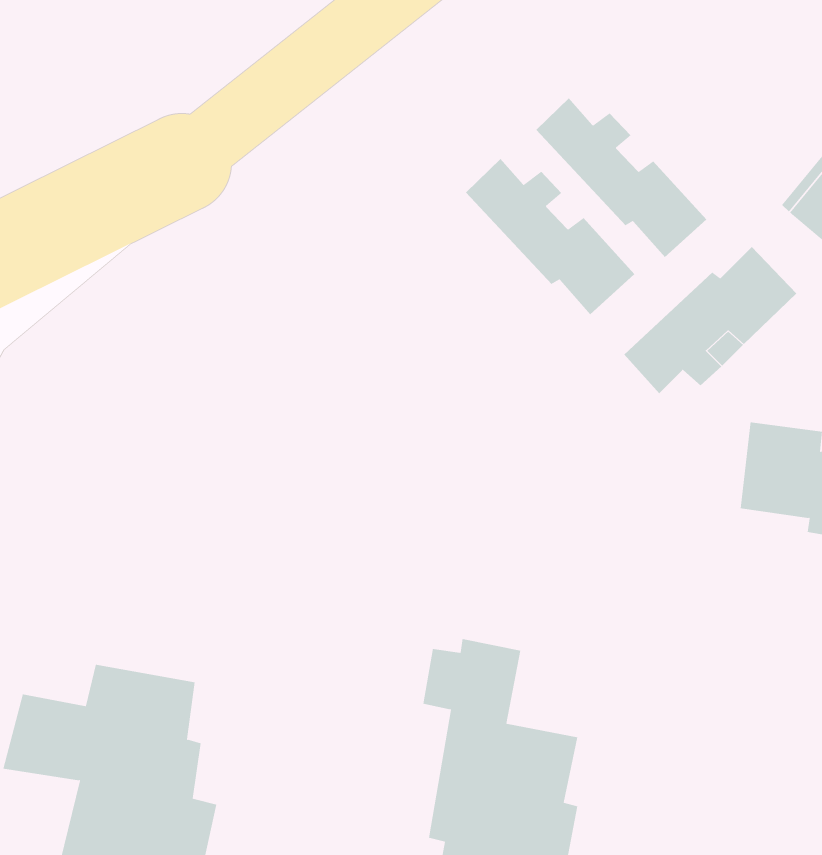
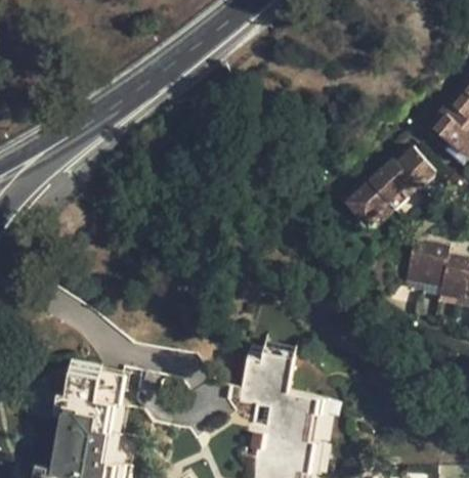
building: [536,98,707,258] -> none
building: [465,158,635,315] -> none

